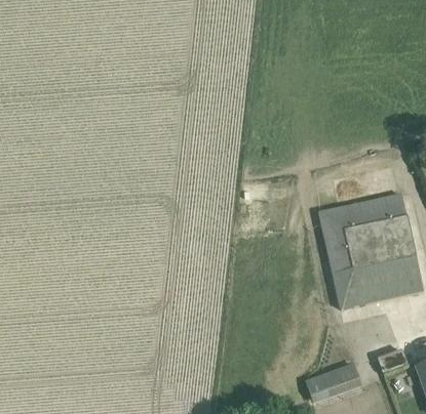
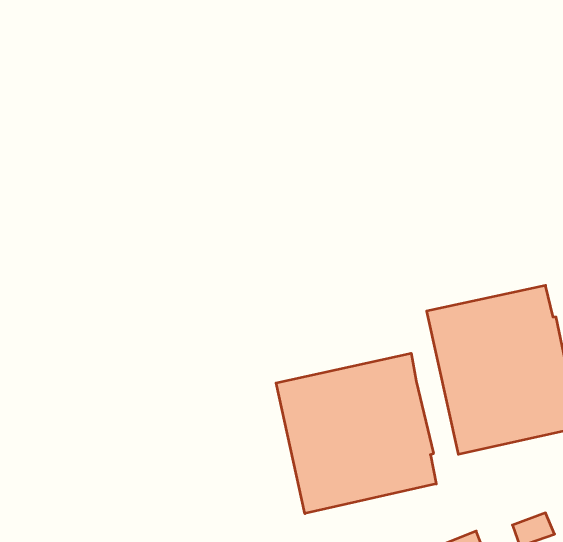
building: none -> [276,353,436,514]

